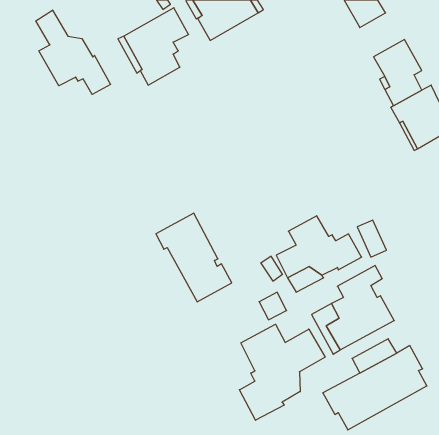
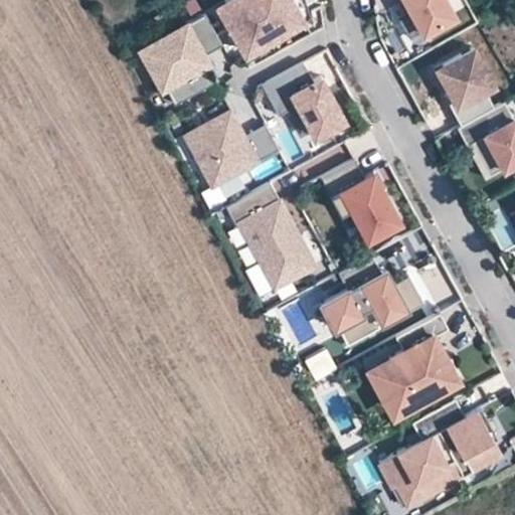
building: [36,10,111,94] -> none
building: none -> [262,65,345,137]
building: none -> [185,111,278,185]
building: none -> [322,162,400,241]
building: [156,213,232,302] -> [226,185,315,289]
building: [239,324,325,420] -> none

